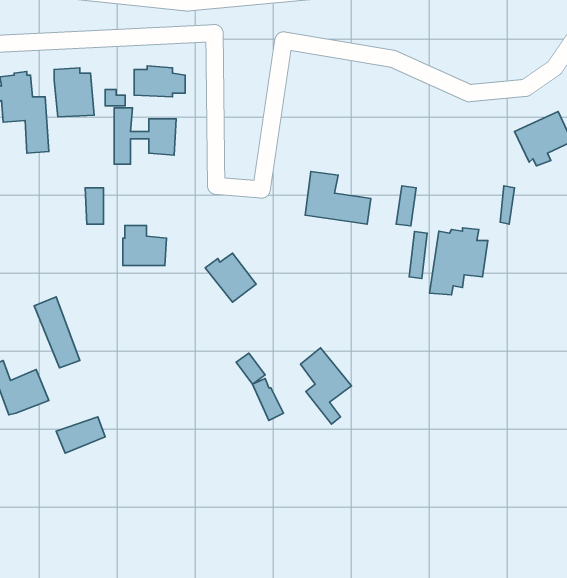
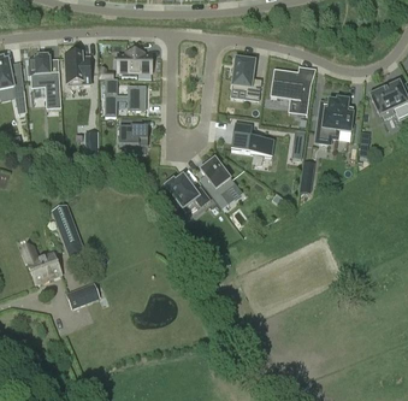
building: none -> [232,57,261,96]
building: none -> [270,67,312,112]
building: [123,225,167,265] -> [119,117,148,143]
building: [430,228,488,295] -> [315,96,354,141]
building: [301,348,351,424] -> [201,157,235,207]

